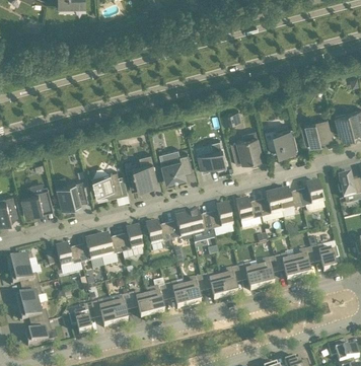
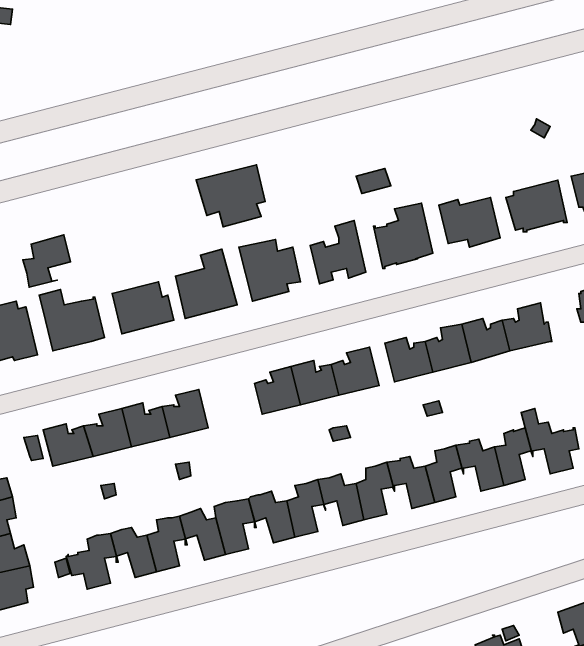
building: none -> [196,165,265,227]
building: none -> [23,235,70,287]
building: [146,220,171,243] -> none

